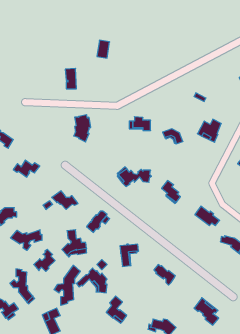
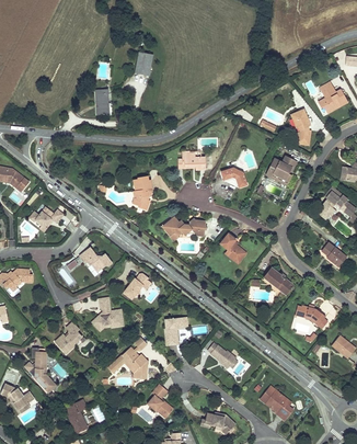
building: none -> [291,110,312,146]
building: [74,115,91,142] -> [131,177,153,212]
building: [11,230,42,250] -> none
building: [54,265,80,305] -> none

